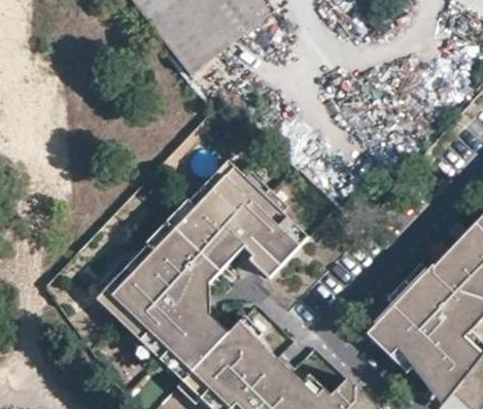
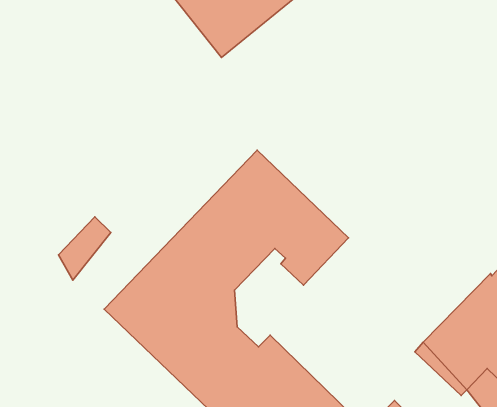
building: none -> [58,217,111,280]

